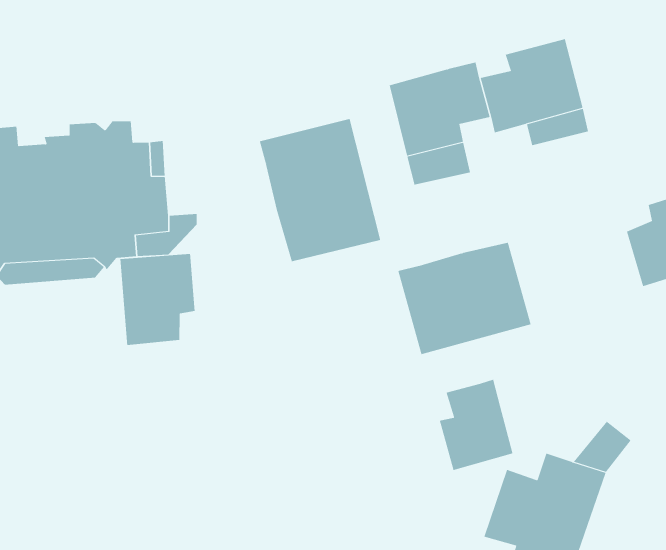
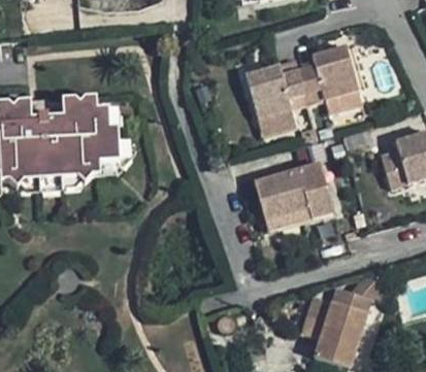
building: [259,118,381,262] -> none
building: [120,253,195,346] -> none
building: [439,379,513,471] -> none

